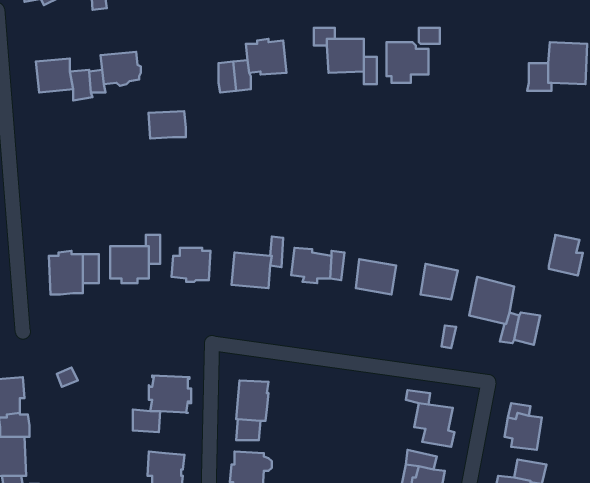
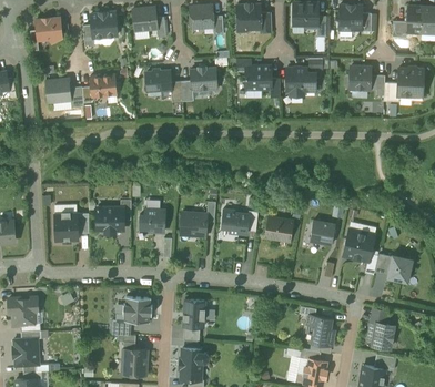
building: none -> [350,67,371,89]
building: [148,111,186,139] -> [145,71,171,90]
building: [549,235,583,275] -> [387,254,411,282]

